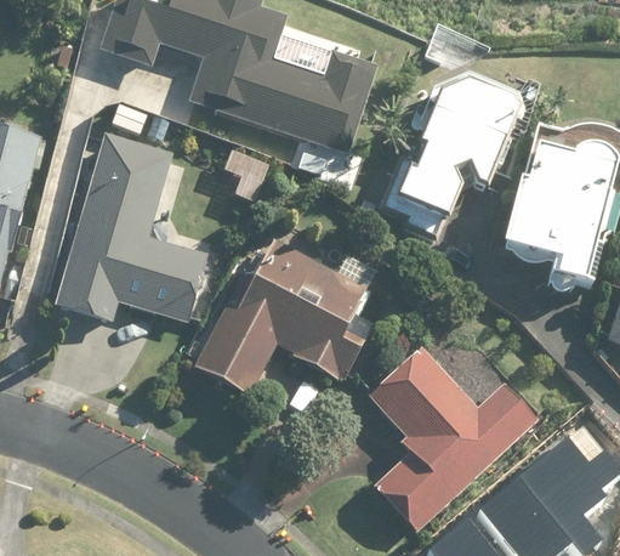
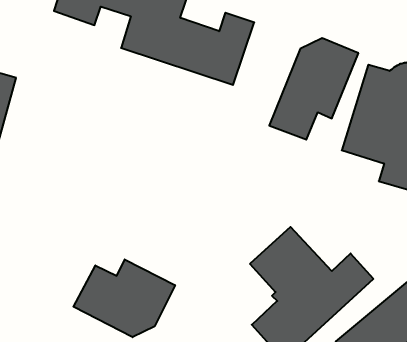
building: [53,134,207,323] -> none
building: [192,240,374,401] -> none
building: none -> [73,259,175,337]

